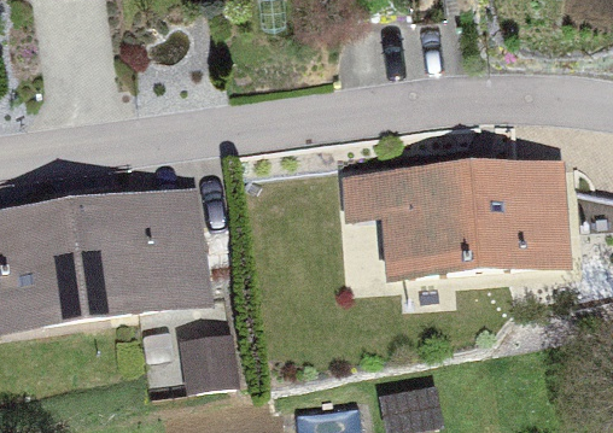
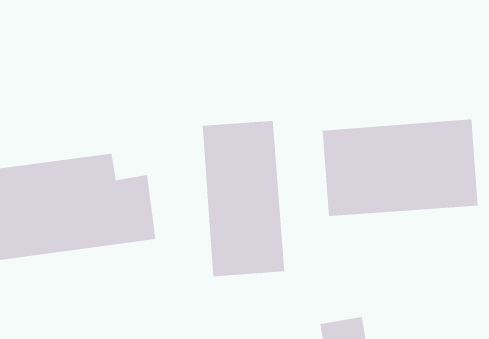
building: none -> [202,120,285,277]

